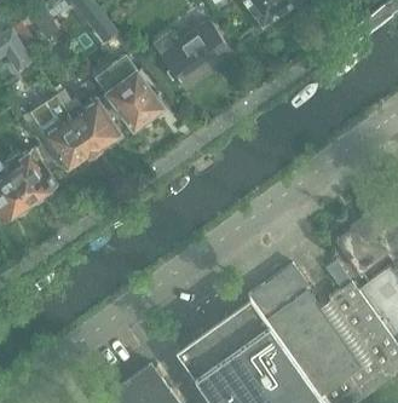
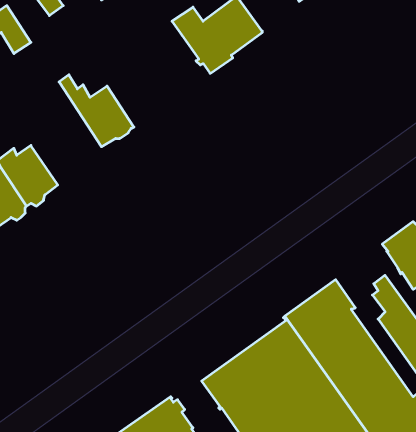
building: [97,57,161,127] -> none
building: [30,96,92,168] -> none

